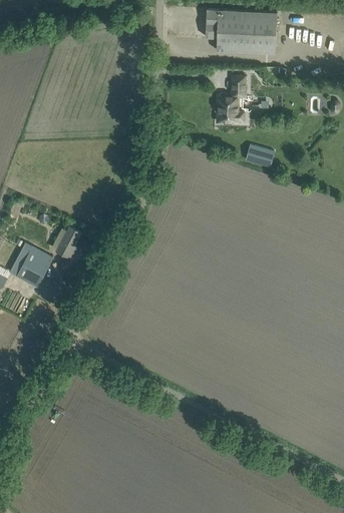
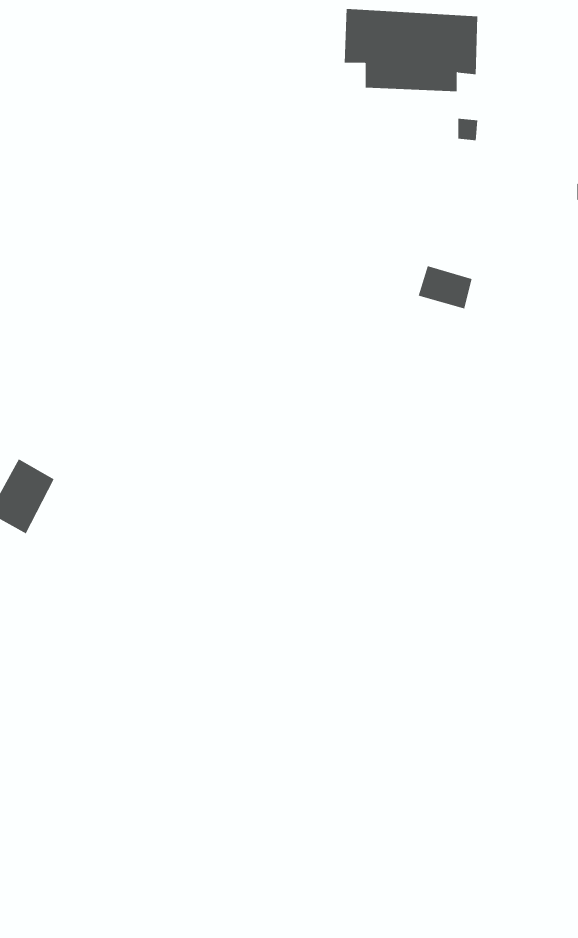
building: [218,75,246,124] -> none
building: [55,225,81,258] -> none

